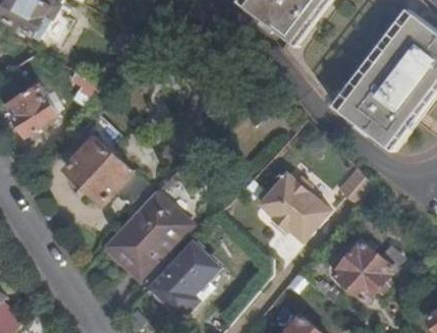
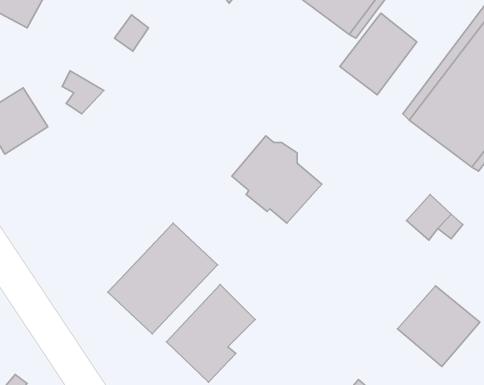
building: none -> [340,13,417,95]
building: [62,124,143,202] -> none
building: [261,173,331,241] -> [232,136,322,223]

